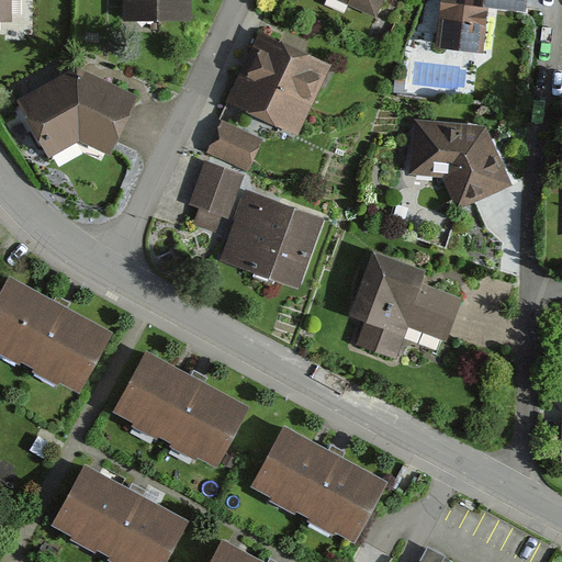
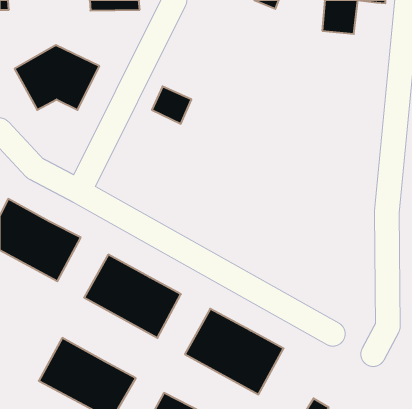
building: [227,34,327,135] -> none
building: [411,121,513,211] -> none
building: [189,162,245,236] -> none
building: [221,192,322,290] -> none
building: [350,252,460,358] -> none

